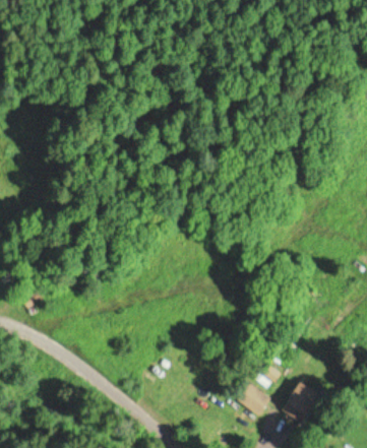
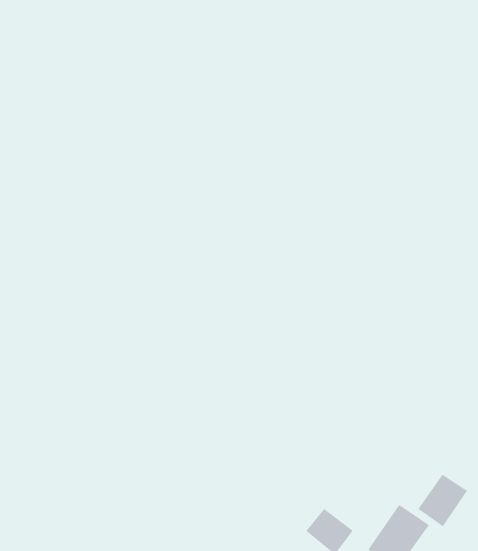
building: none -> [418,474,468,527]

